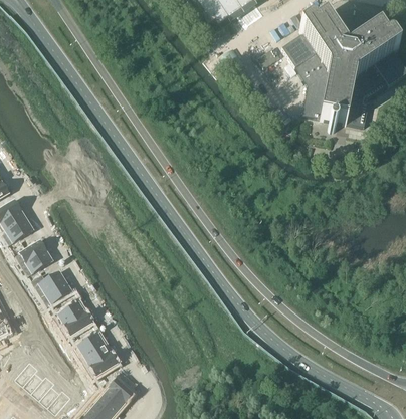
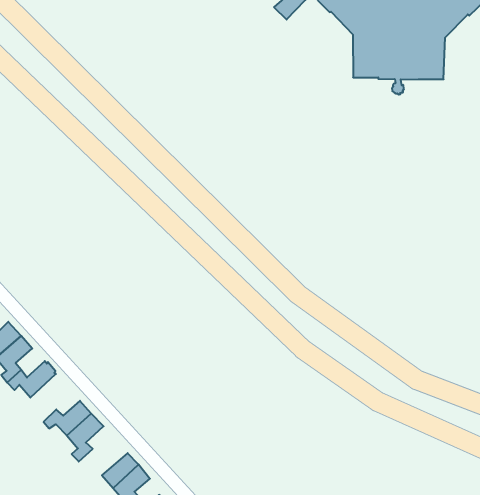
building: [45,279,71,310] -> none
building: [70,332,105,354] -> none

